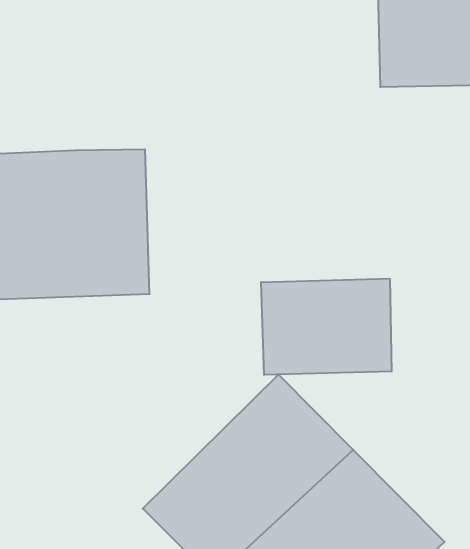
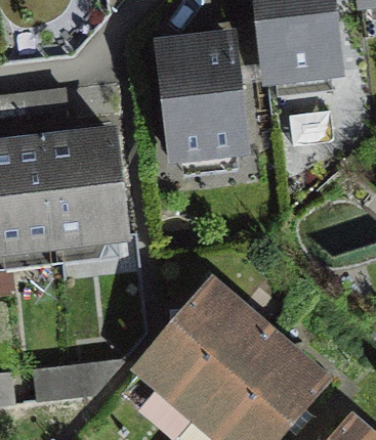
building: none -> [157,39,245,161]
building: [261,279,391,375] -> none

